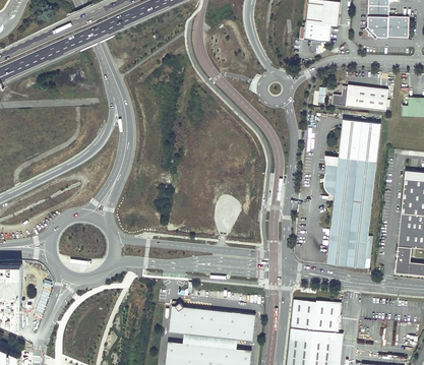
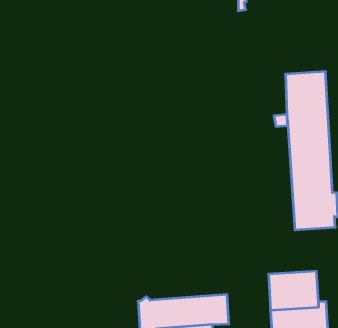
building: [329,84,386,111] -> none

